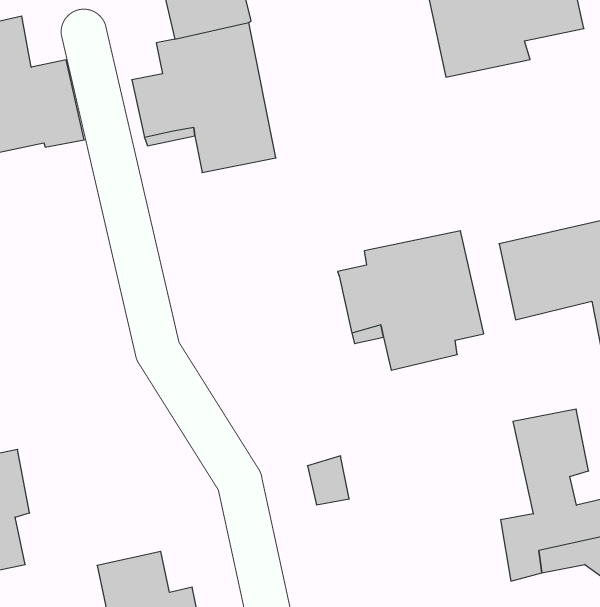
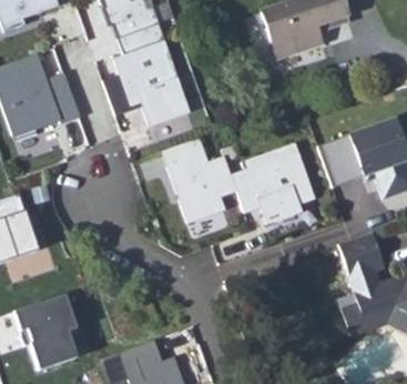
building: none -> [163,139,237,223]

